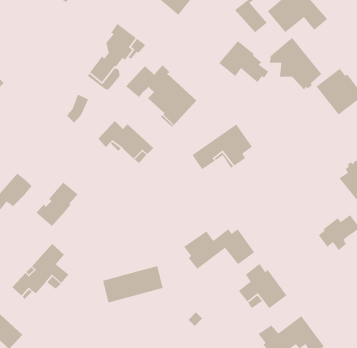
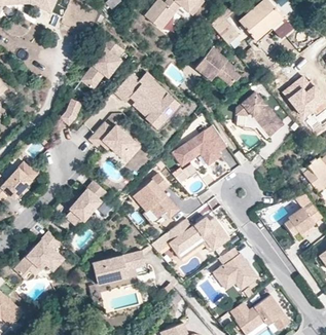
building: [269,37,322,90] -> [237,92,284,140]
building: none -> [133,173,178,218]
building: [35,182,78,227] -> [68,180,106,220]

